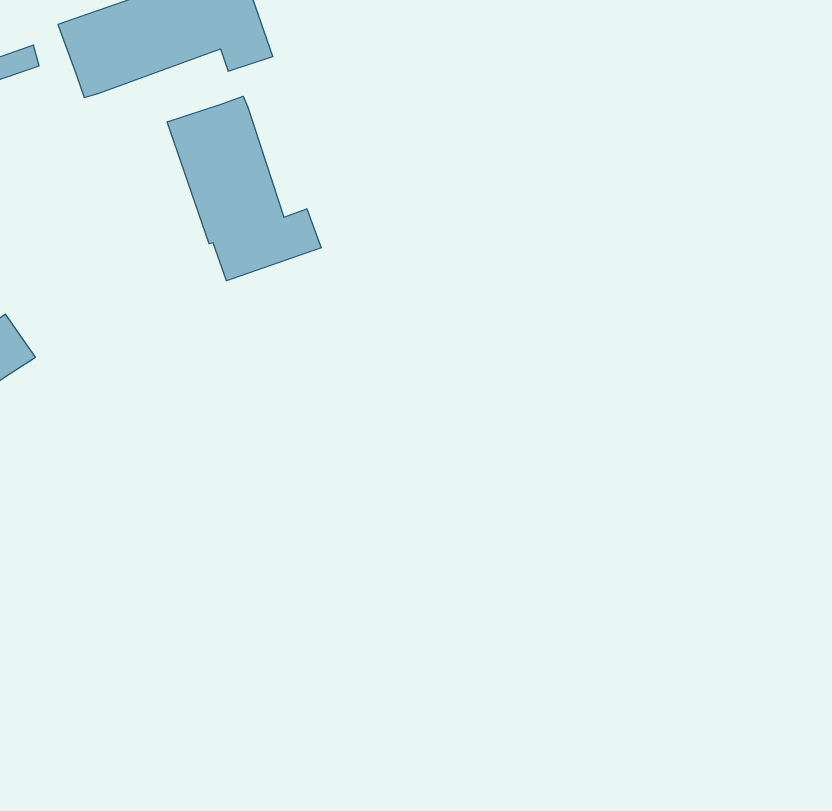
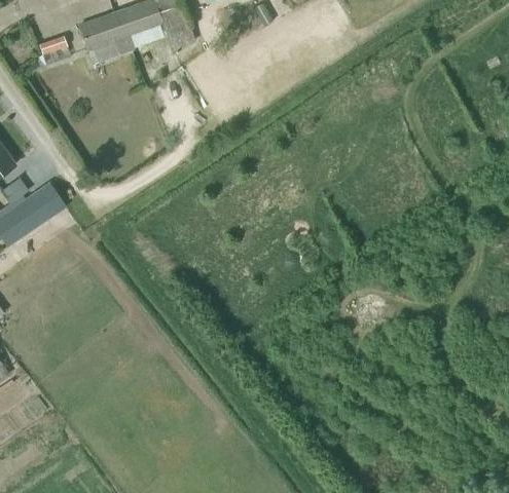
building: [167,96,321,281] -> none

